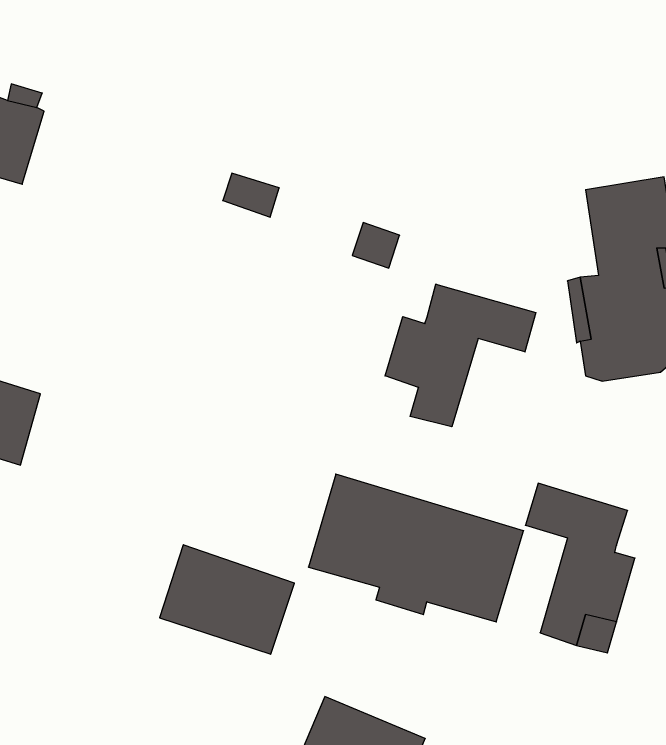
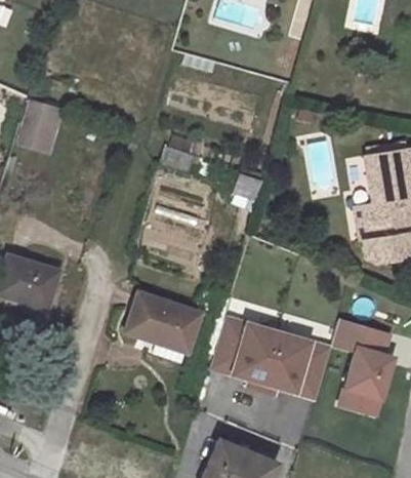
building: [385,284,536,427] -> none
building: [160,545,294,654] -> [124,290,200,352]

